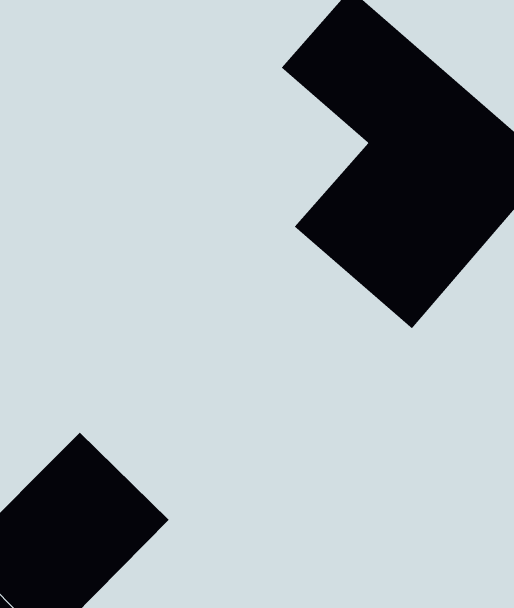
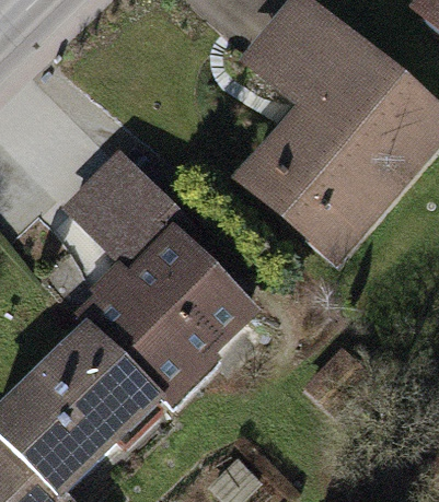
building: none -> [71,153,189,270]
building: none -> [86,247,241,401]

